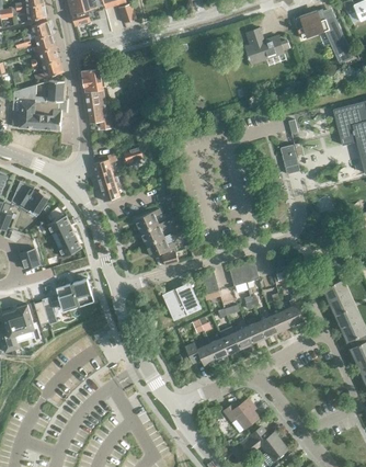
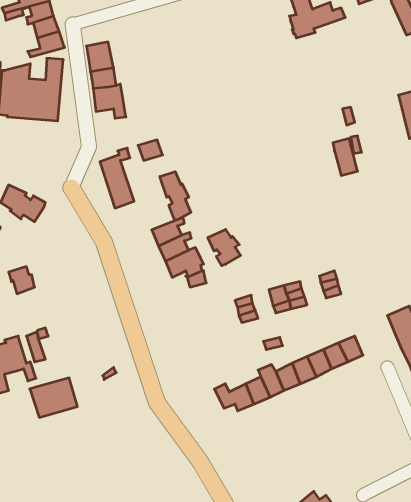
building: none -> [160,172,191,220]
building: [46,215,81,257] -> none
building: none -> [208,229,241,266]
building: [55,278,93,310] -> [30,378,77,417]
building: [162,282,201,320] -> none
building: [224,398,259,429] -> none

